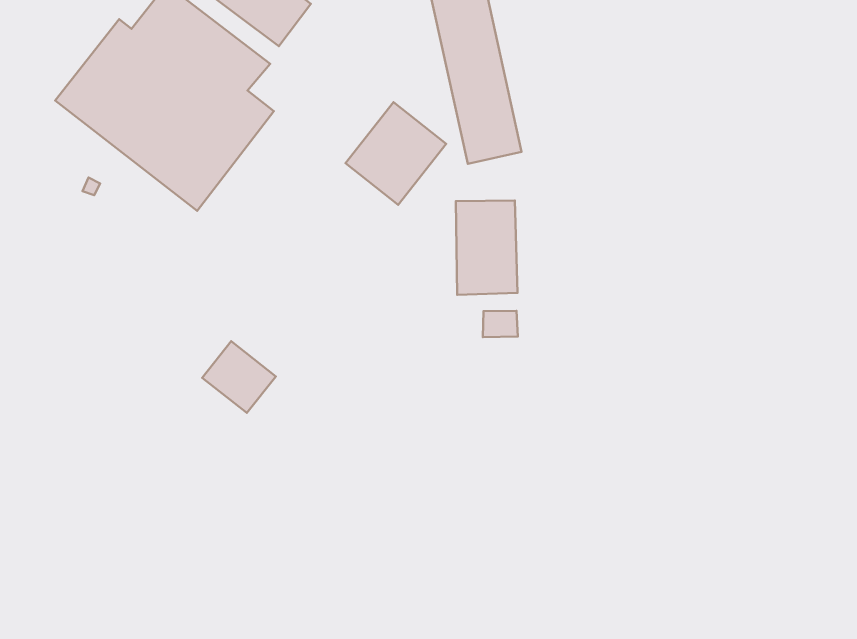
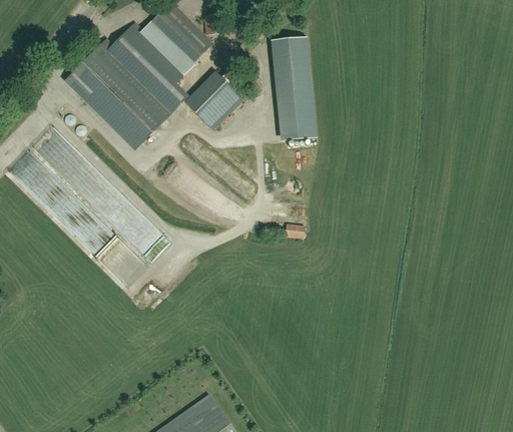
building: [346,102,446,205] -> [183,71,239,127]
building: [456,200,518,295] -> none

